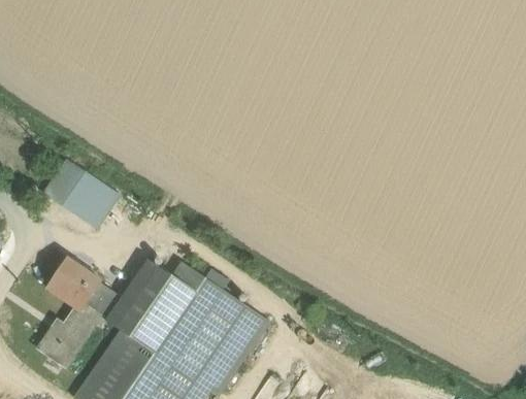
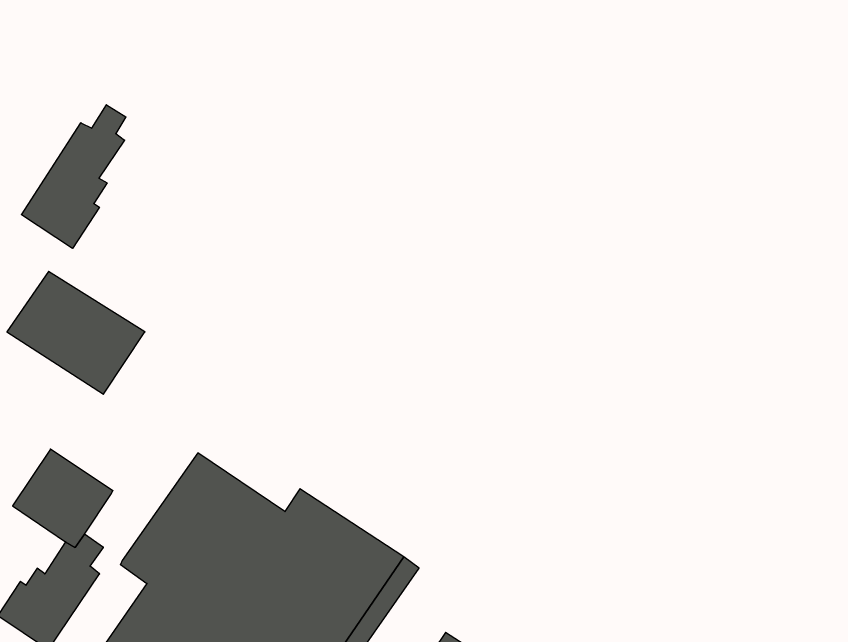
building: none -> [21,105,126,248]
building: [87,282,123,319] -> none

